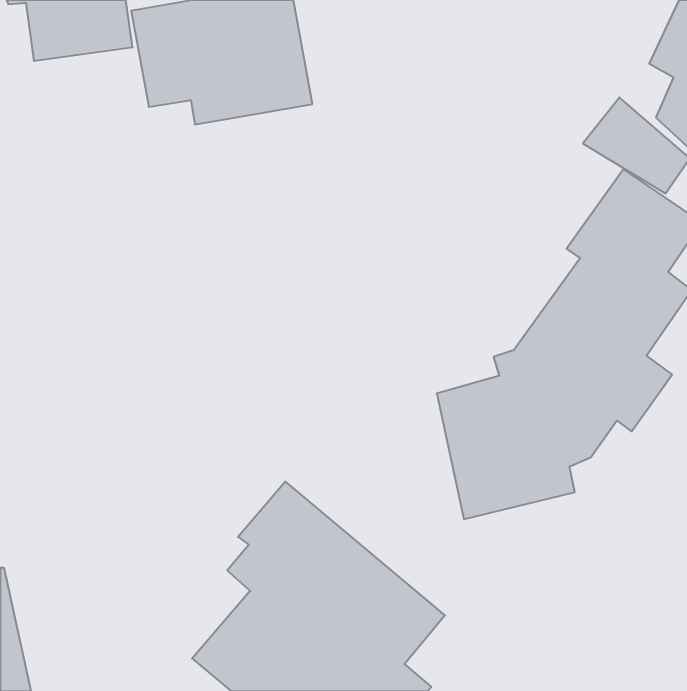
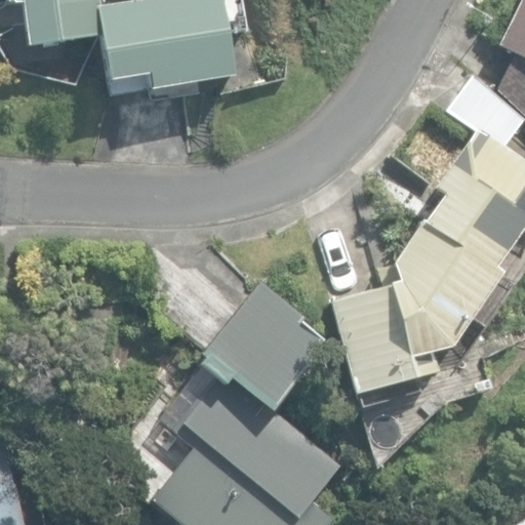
building: none -> [205,282,323,407]

